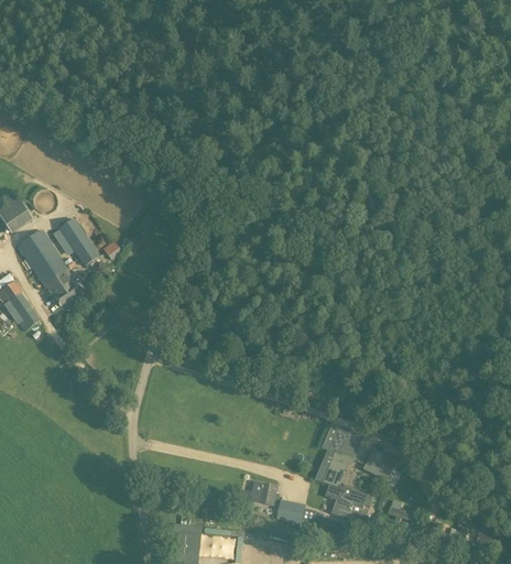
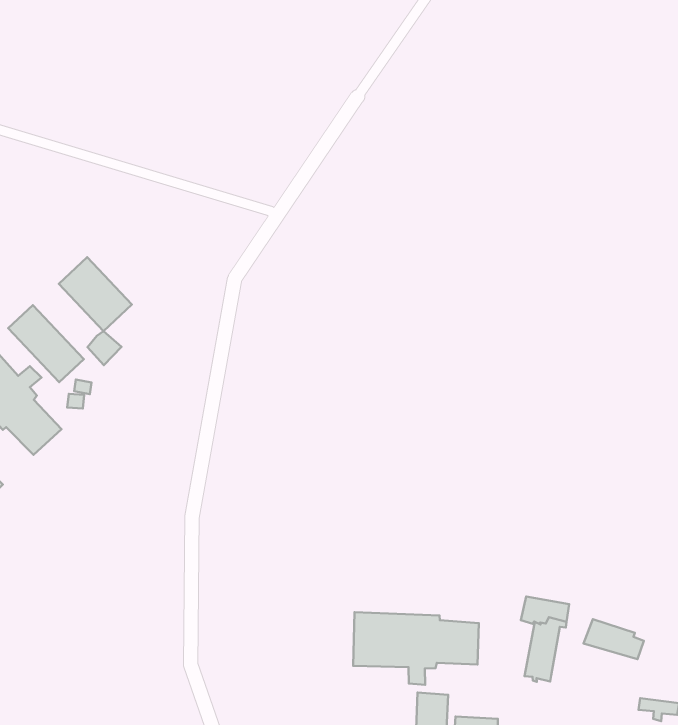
building: none -> [59,257,132,331]
building: none -> [353,612,479,685]
building: [323,485,371,509] -> none

